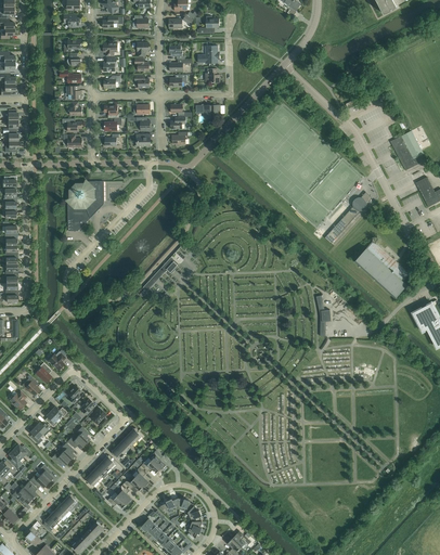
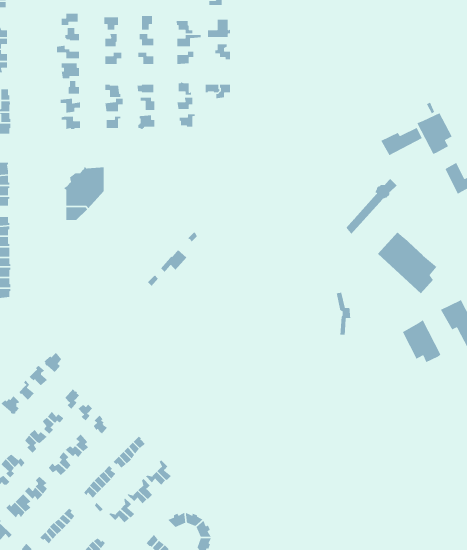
building: none -> [380,127,423,156]
building: none -> [402,319,441,363]

